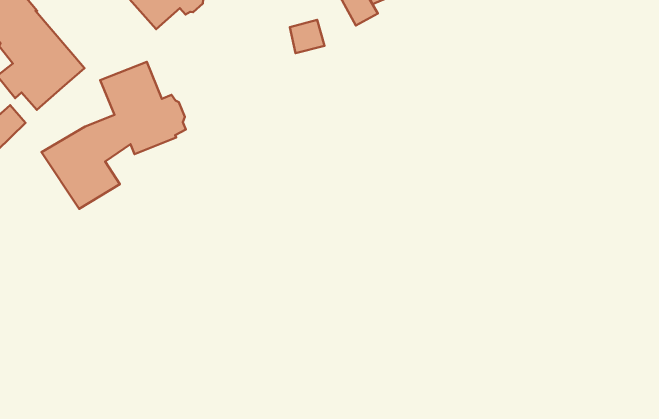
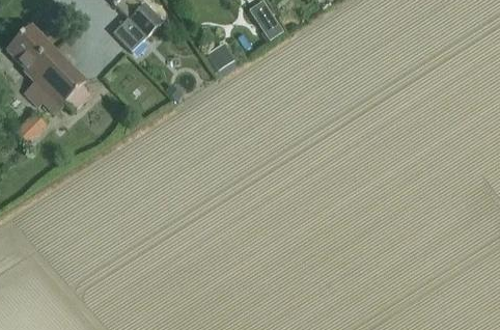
building: [42,62,186,209] -> none

